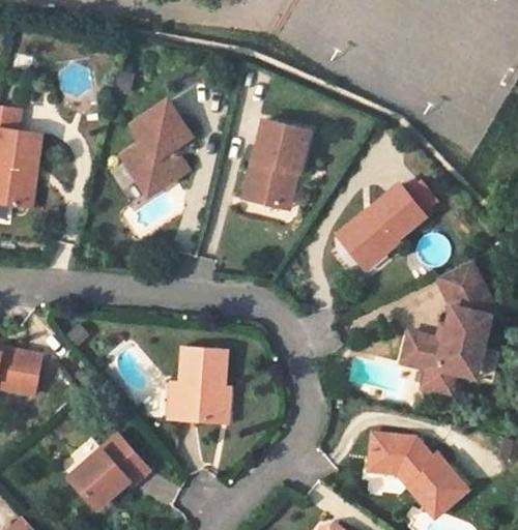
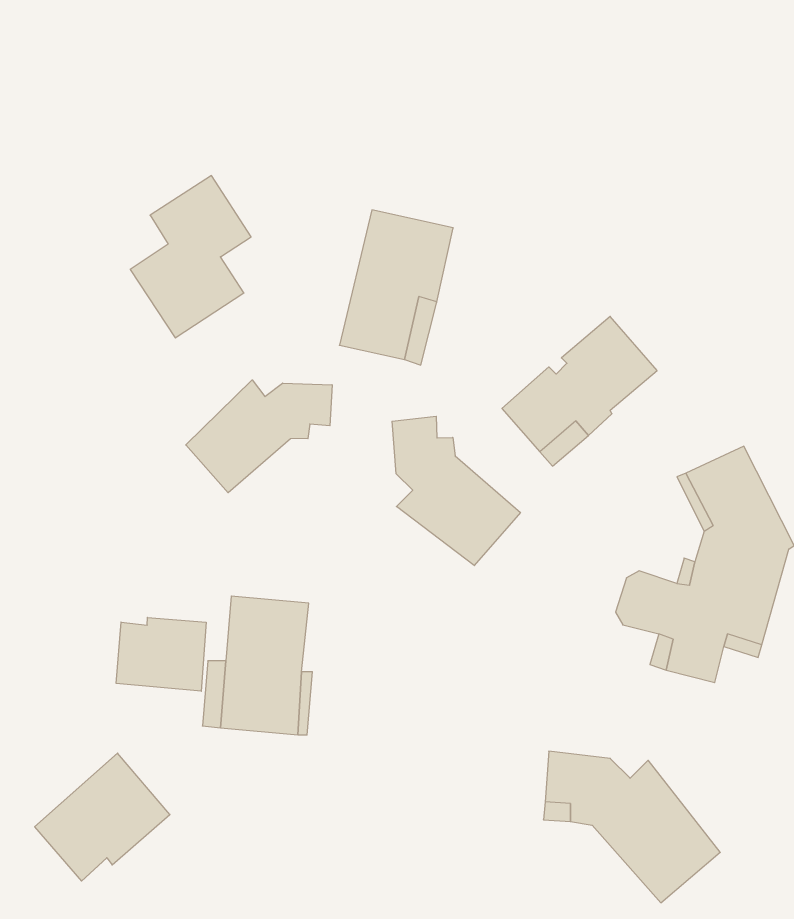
building: none -> [186,380,332,493]
building: none -> [392,416,520,566]
building: none -> [116,617,206,691]

